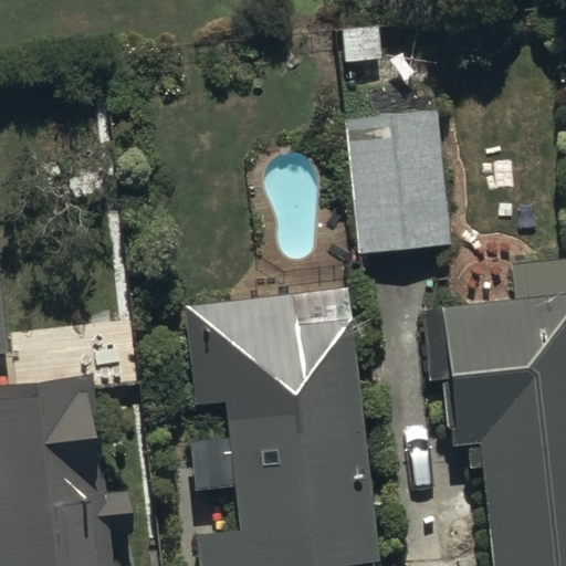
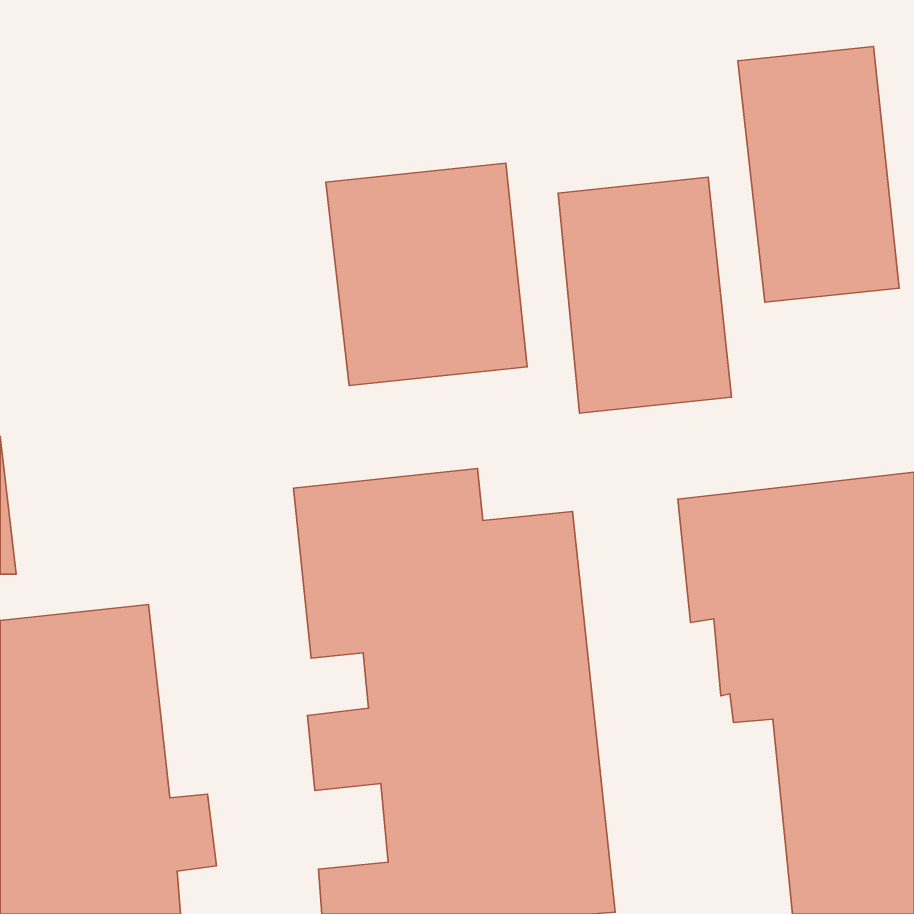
building: none -> [738,47,899,302]
building: none -> [326,163,527,385]

